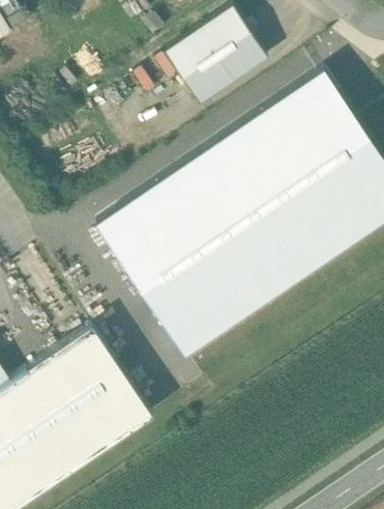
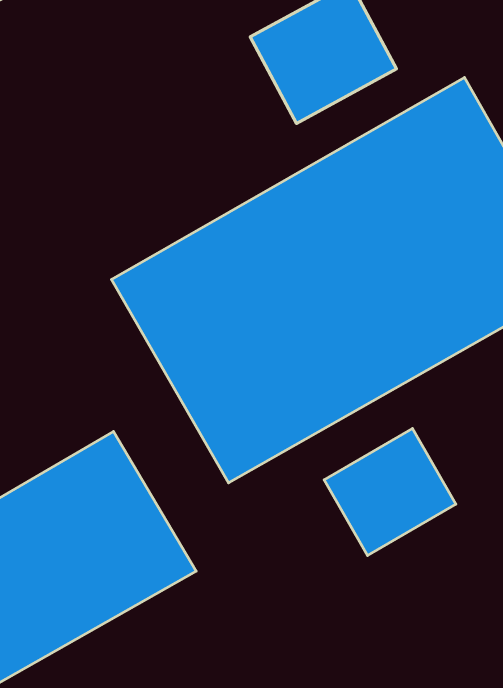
building: none -> [324,429,456,555]

